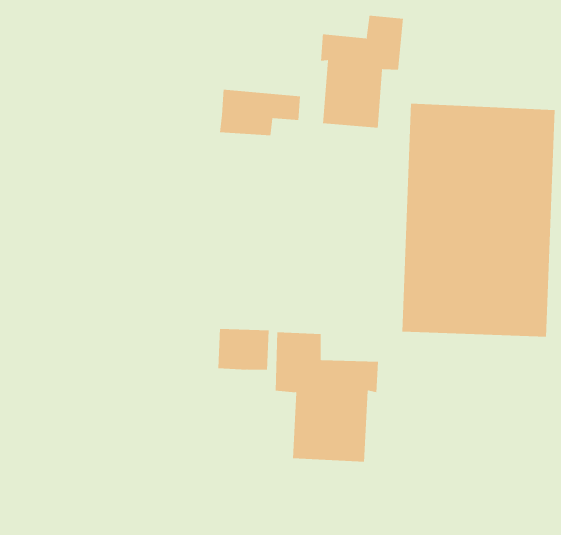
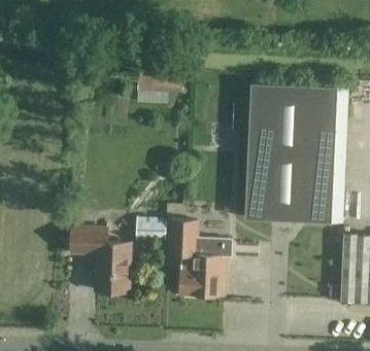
building: [321,15,404,128] -> none
building: none -> [71,227,131,292]

